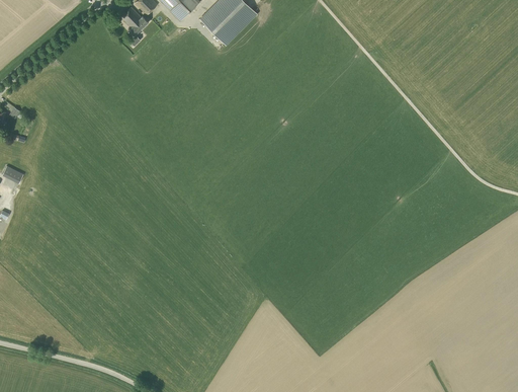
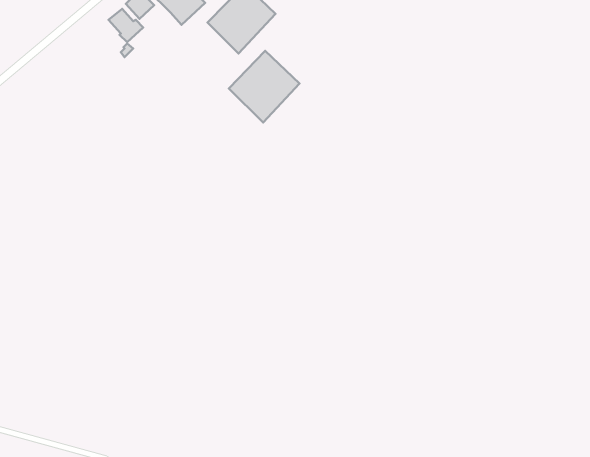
building: none -> [229,51,300,122]

